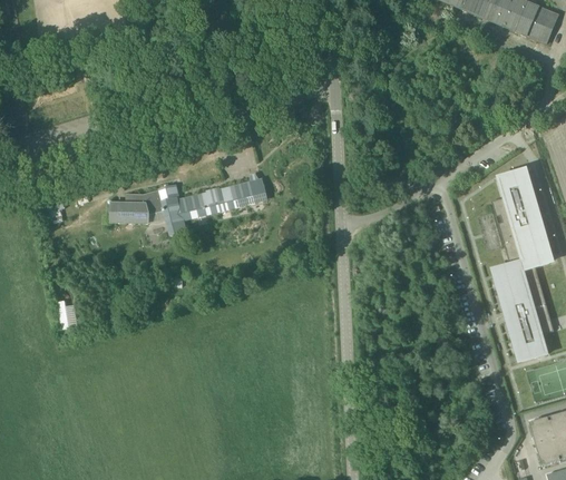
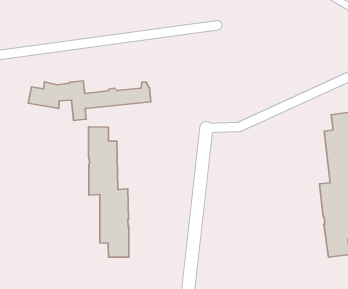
building: none -> [89,127,129,257]

